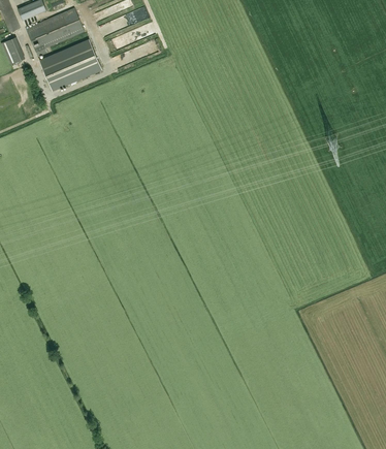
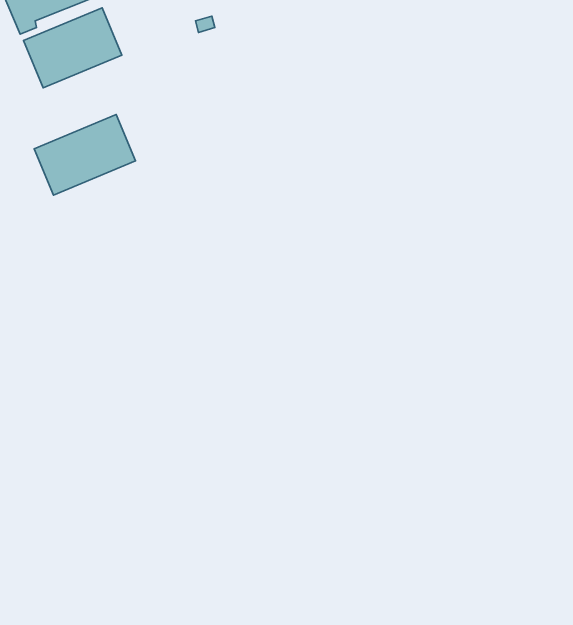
building: none -> [34,115,136,195]

